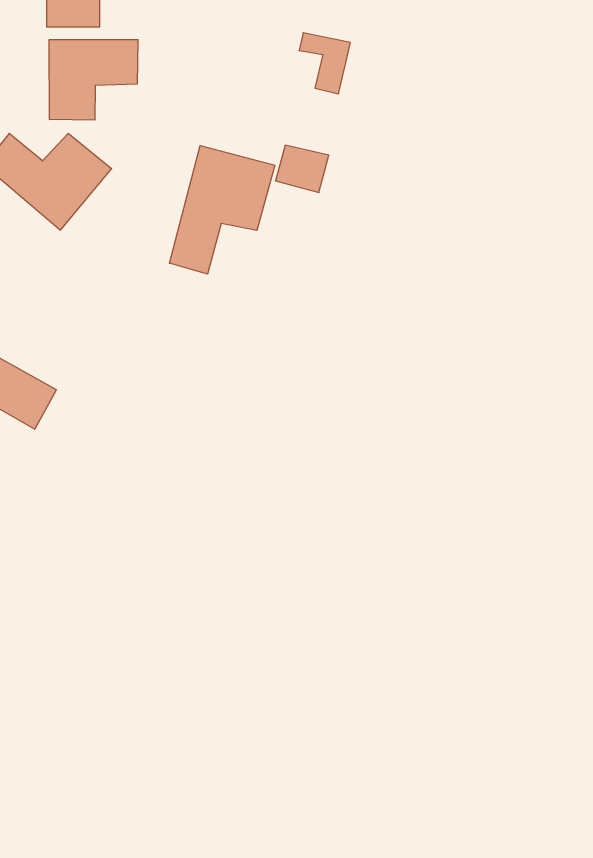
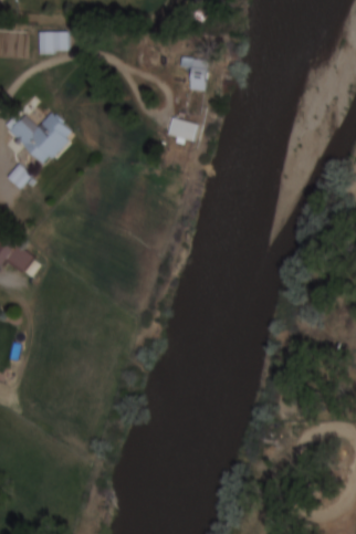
building: [49,40,138,120] -> none
building: [169,146,275,274] -> none

